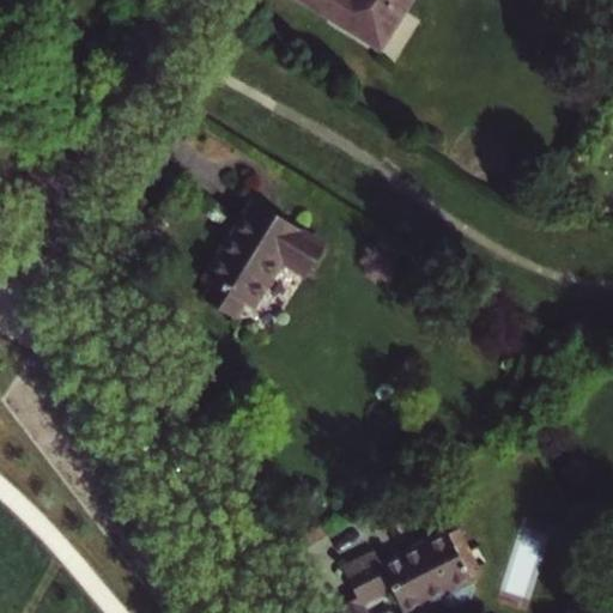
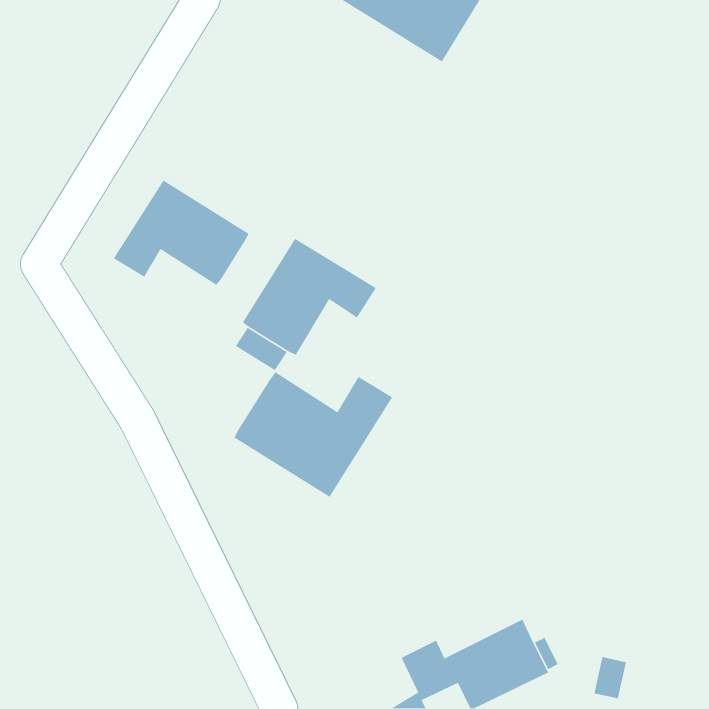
building: none -> [113,180,250,286]
building: none -> [233,371,393,498]

